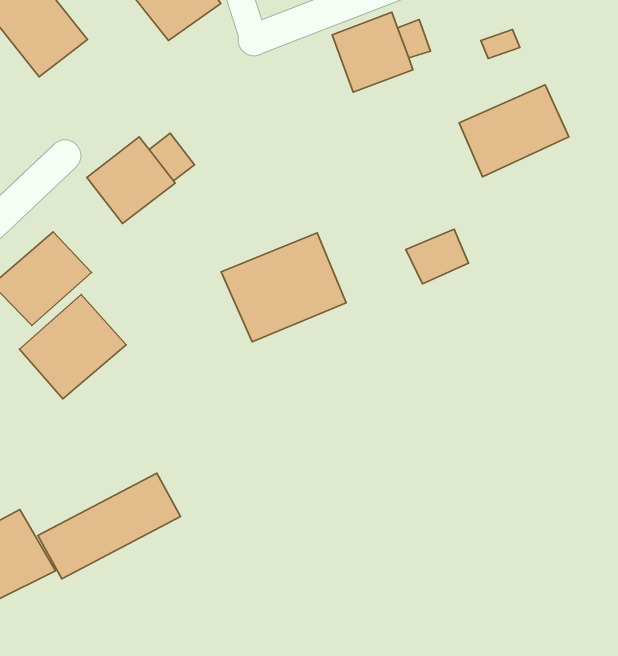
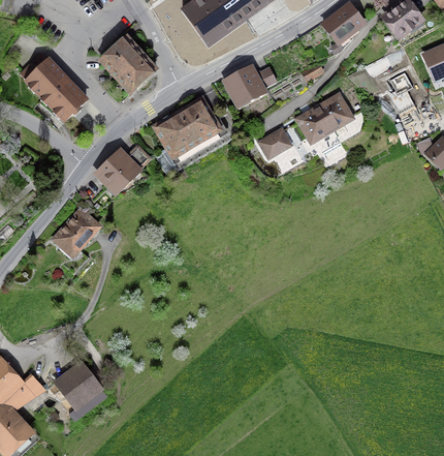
building: [406,229,469,284] -> [257,127,292,159]
building: [221,233,346,342] -> [157,98,227,162]
building: [19,295,126,399] -> none
building: [38,473,181,579] -> none

